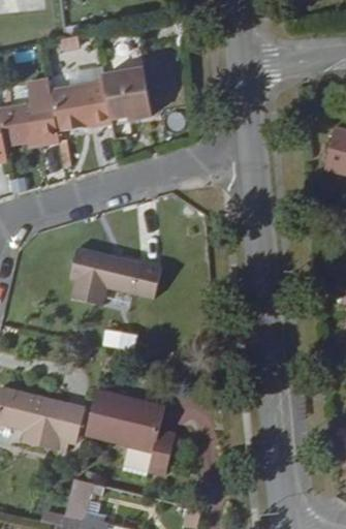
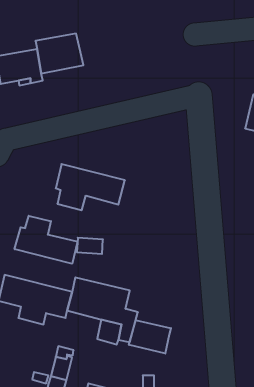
building: [100,60,149,116] -> none
building: none -> [15,216,78,264]
building: none -> [129,320,171,354]

